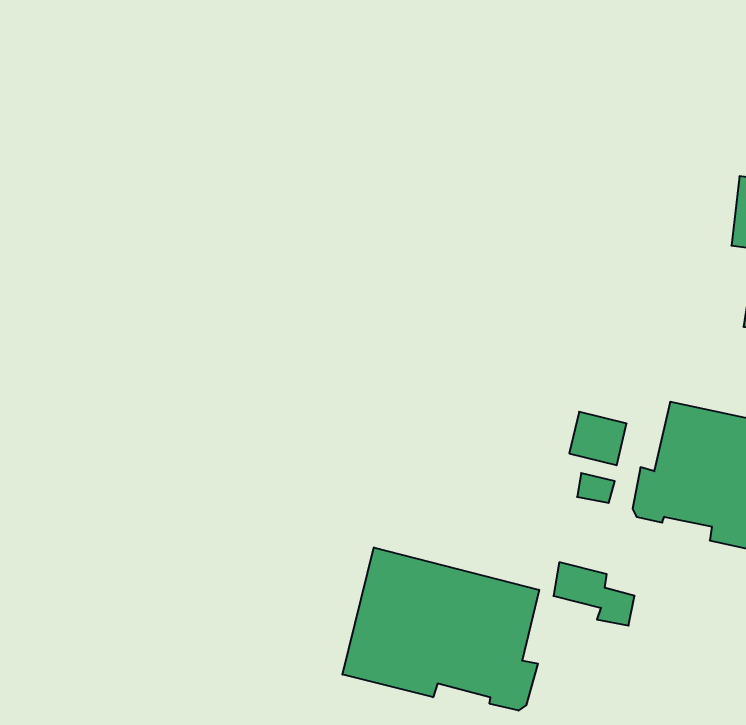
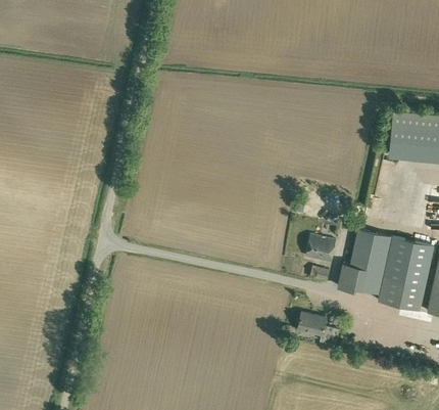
building: [342,547,539,711] -> none

